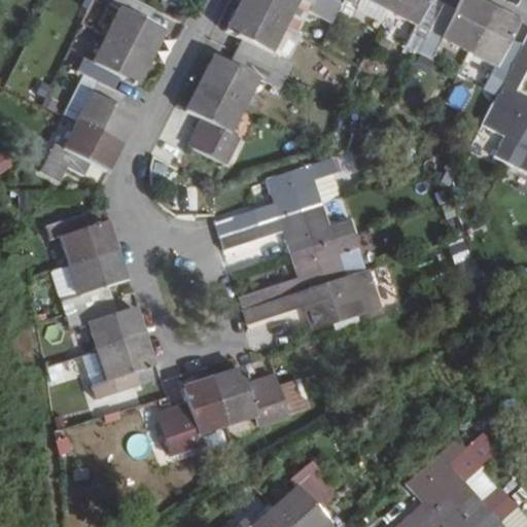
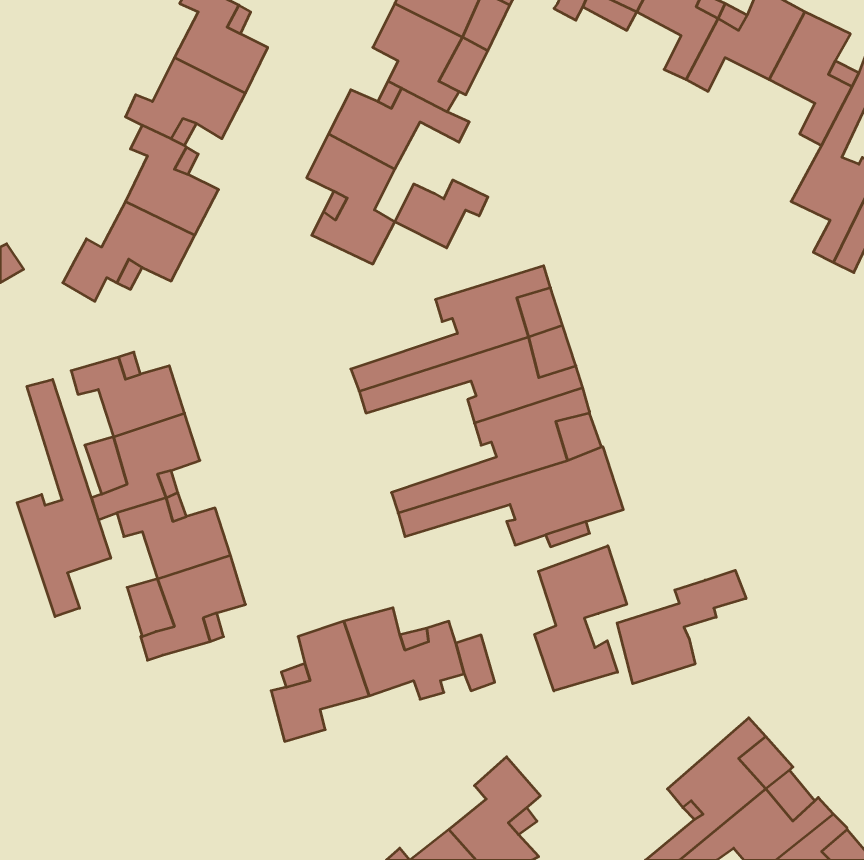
building: none -> [395,180,488,248]
building: none -> [17,379,111,617]
building: none -> [535,546,627,691]
building: none -> [617,570,746,684]

